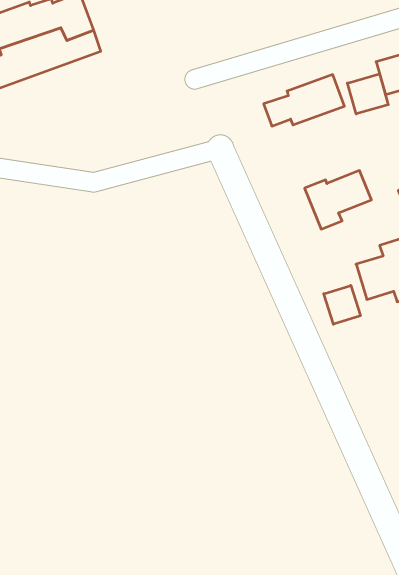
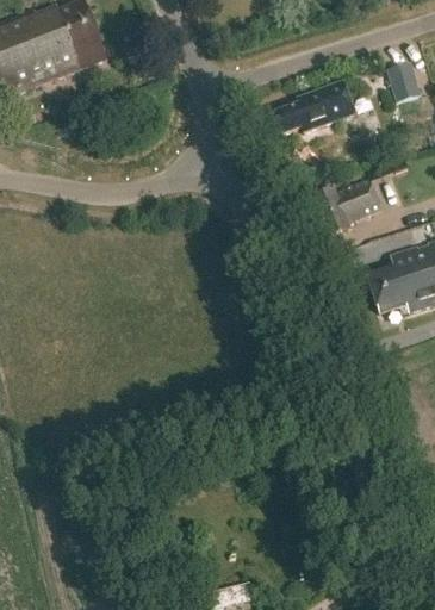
building: [347,74,388,114] -> none
building: [324,285,360,324] -> none

